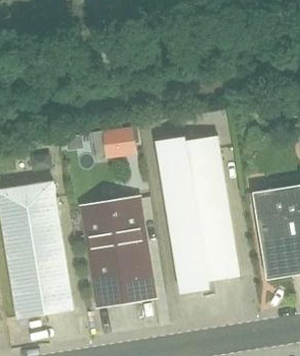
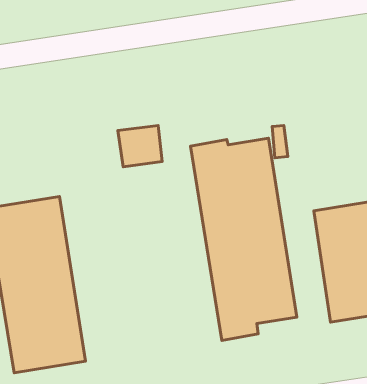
building: [81,198,154,306] -> none

